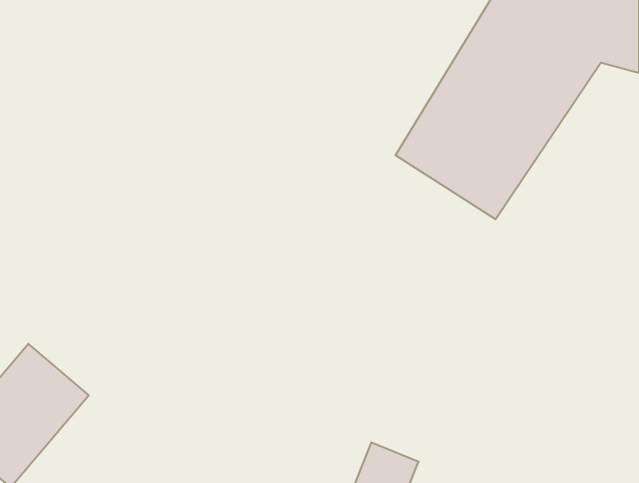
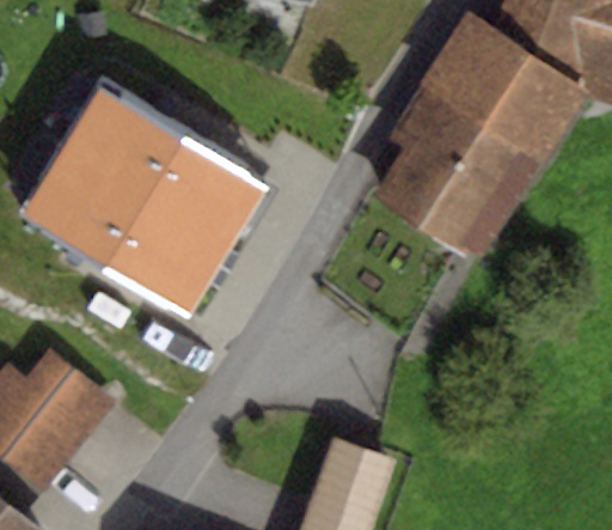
building: none -> [47,110,247,301]

